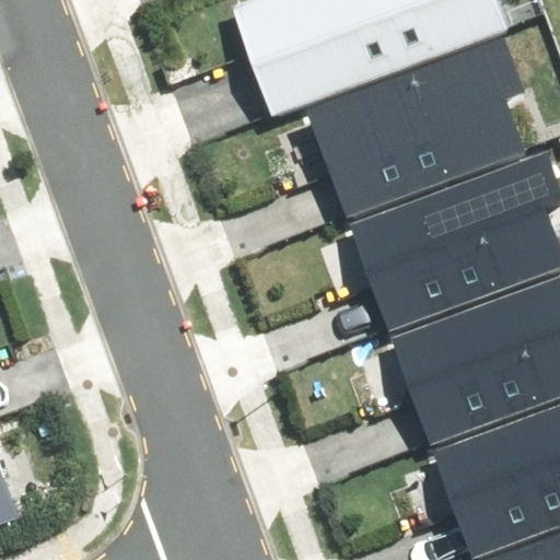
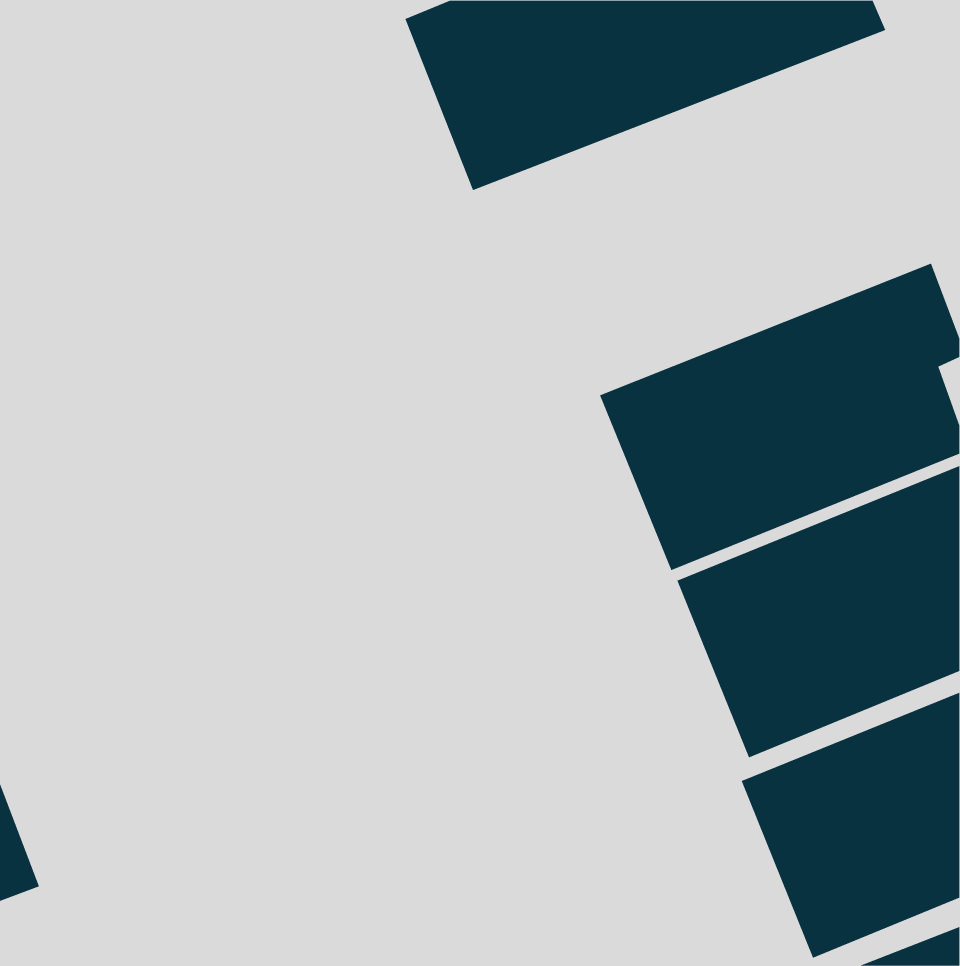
building: [314,36,530,214] -> none

